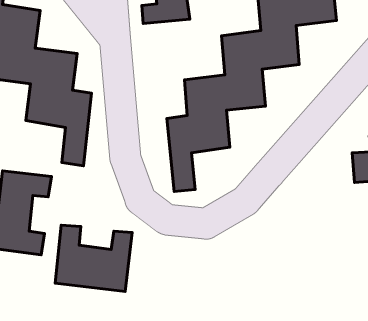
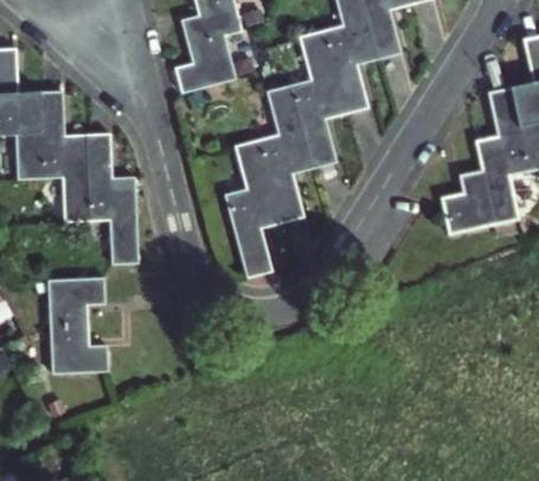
building: [55,225,132,291] -> none

